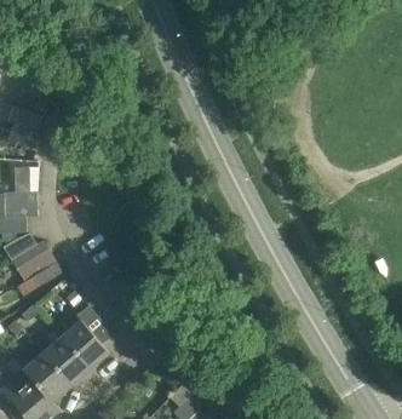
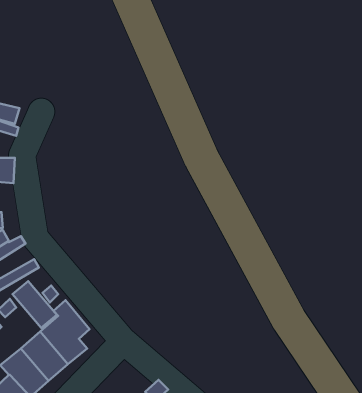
building: none -> [13,281,57,328]

